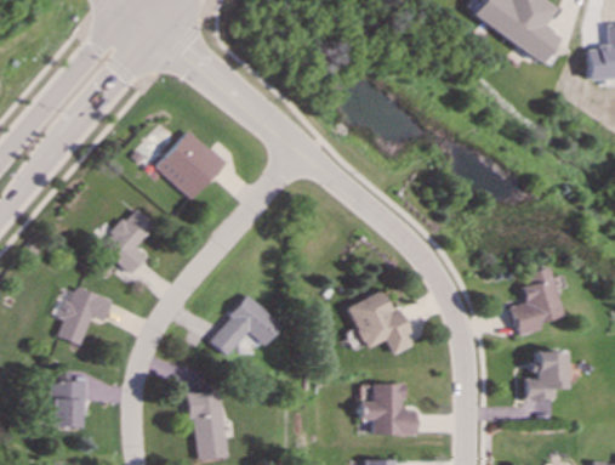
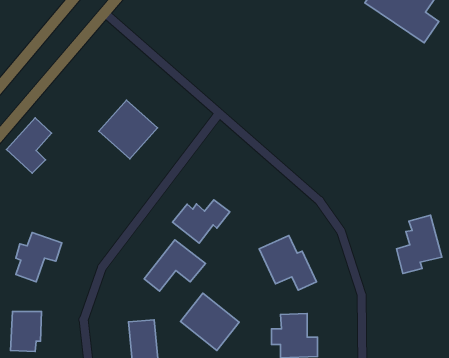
building: [102,208,155,273] -> [6,118,52,173]
building: none -> [173,200,230,243]
building: [523,351,564,398] -> none
building: none -> [180,293,239,350]

